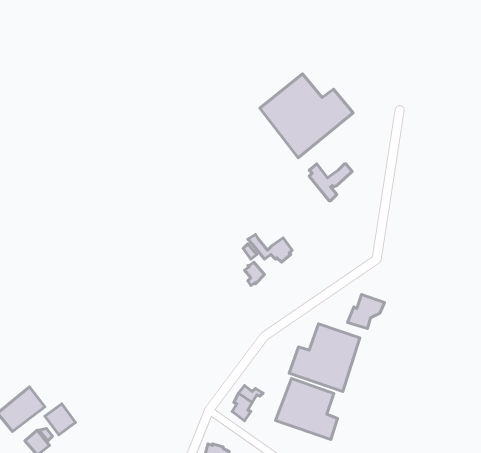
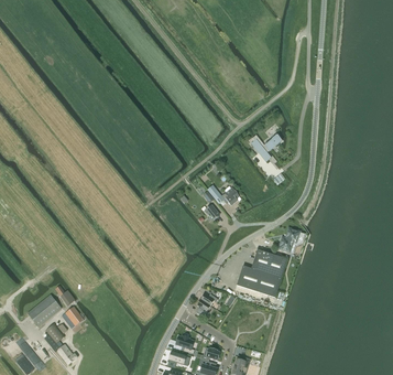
building: [260,74,353,158] -> none
building: [276,379,338,439] -> none

